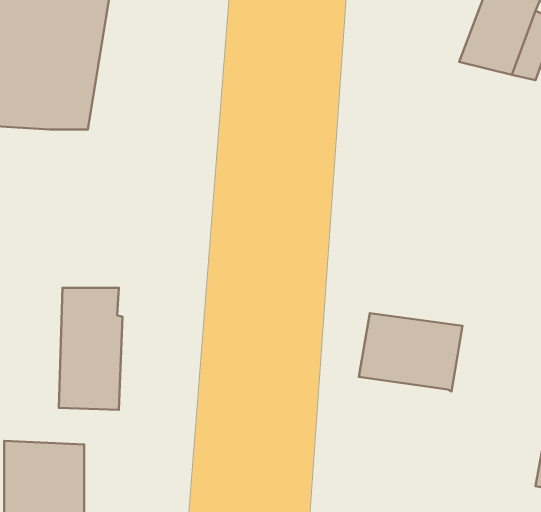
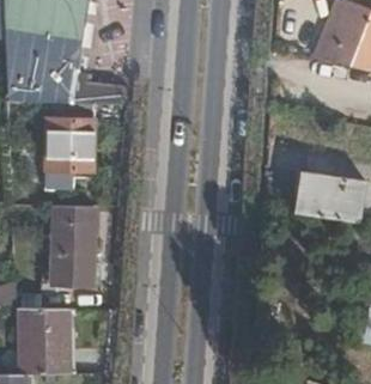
building: none -> [45,102,93,188]
building: [359,313,463,391] -> [296,170,364,221]

